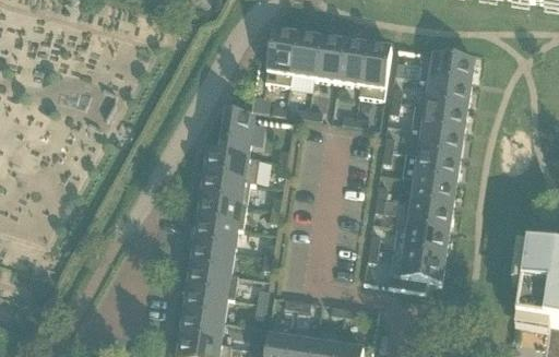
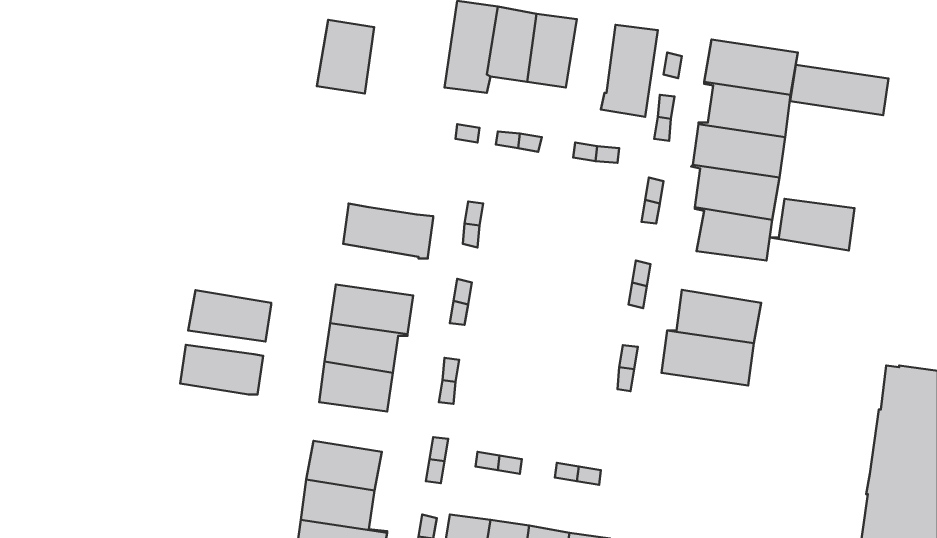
building: [337,37,367,81] -> none
building: none -> [790,65,889,115]
building: [221,109,254,153] -> [317,20,374,94]
building: [201,170,250,201] -> [188,290,271,342]
building: [406,175,456,205] -> [770,199,854,250]
building: [389,247,445,287] -> none
building: [188,264,237,294] -> [180,345,263,395]

